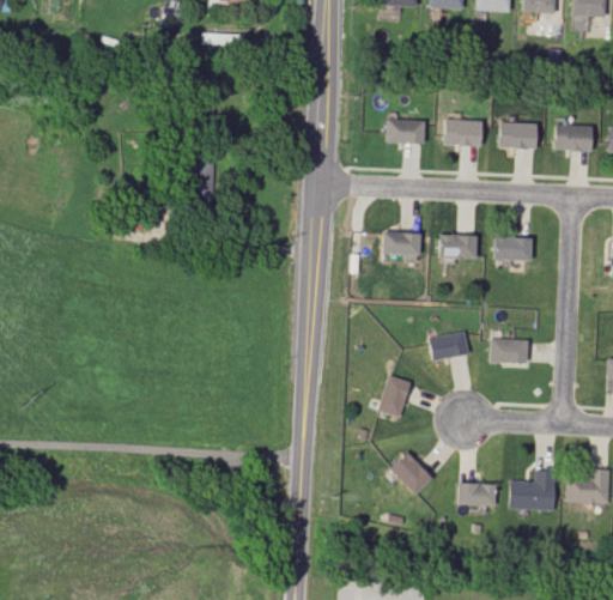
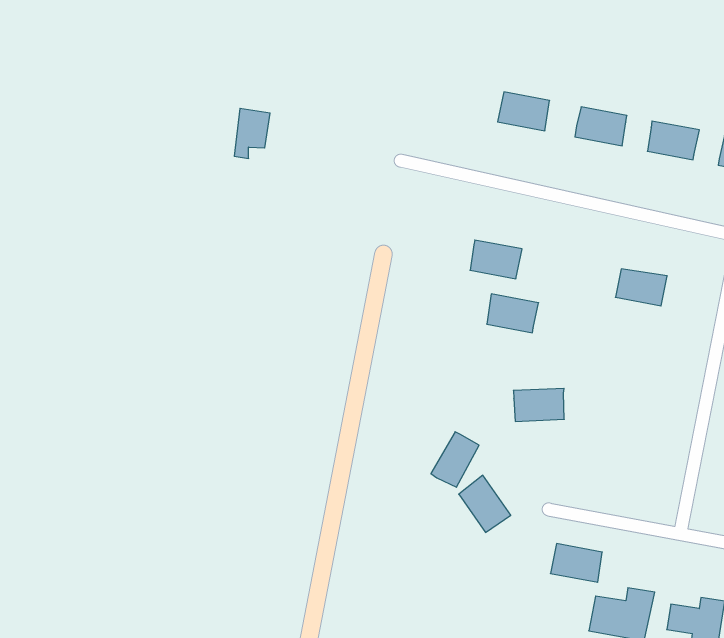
building: [439,234,475,257] -> [487,294,539,333]
building: [491,338,527,362] -> none
building: [392,451,432,493] -> [459,475,511,532]
building: [457,481,493,505] -> [550,544,602,582]

